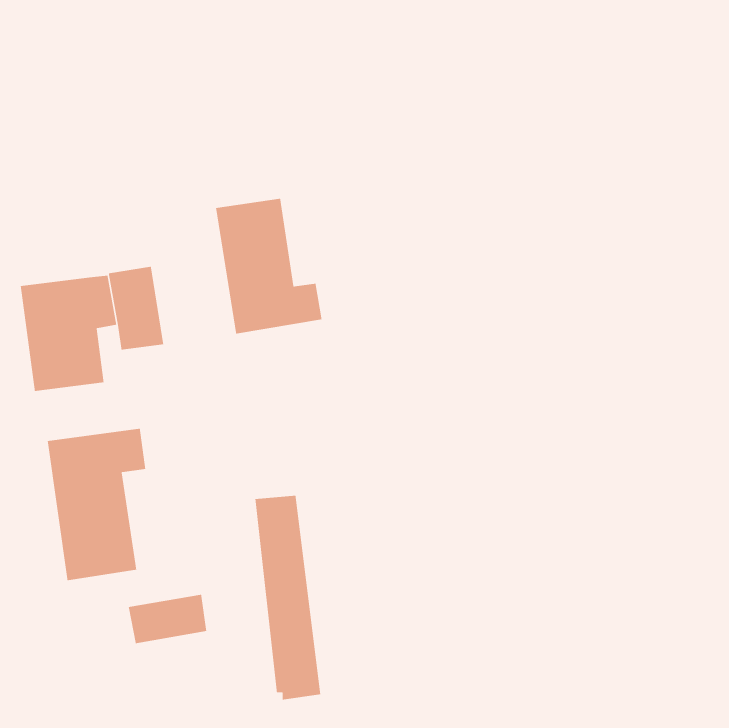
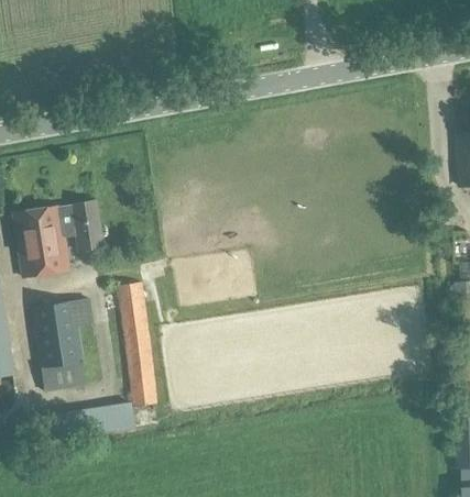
building: [215,198,322,334] -> none
building: [255,495,321,700] -> [119,283,160,408]

